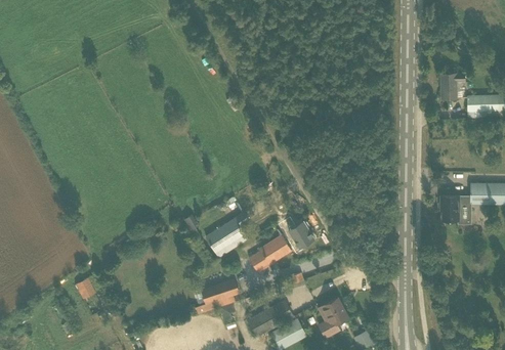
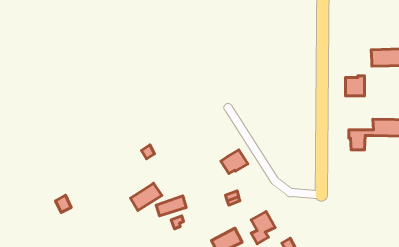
building: [441,74,465,98] -> [346,76,365,96]
building: [206,218,245,252] -> [130,183,162,210]
building: [249,235,291,271] -> none
building: [247,300,294,337] -> none

